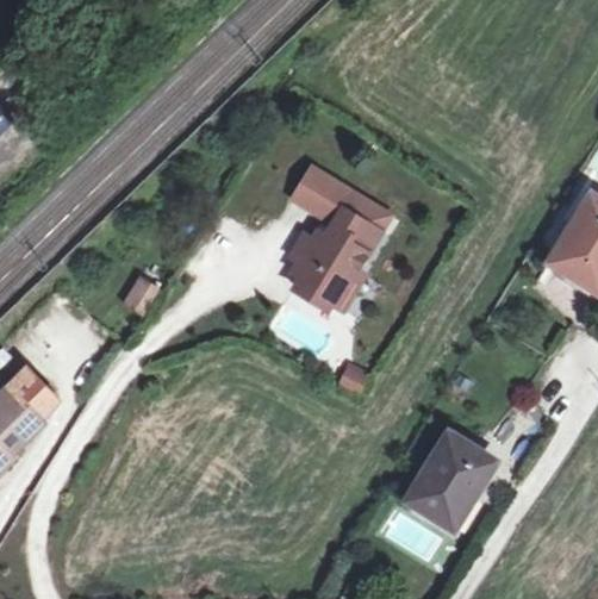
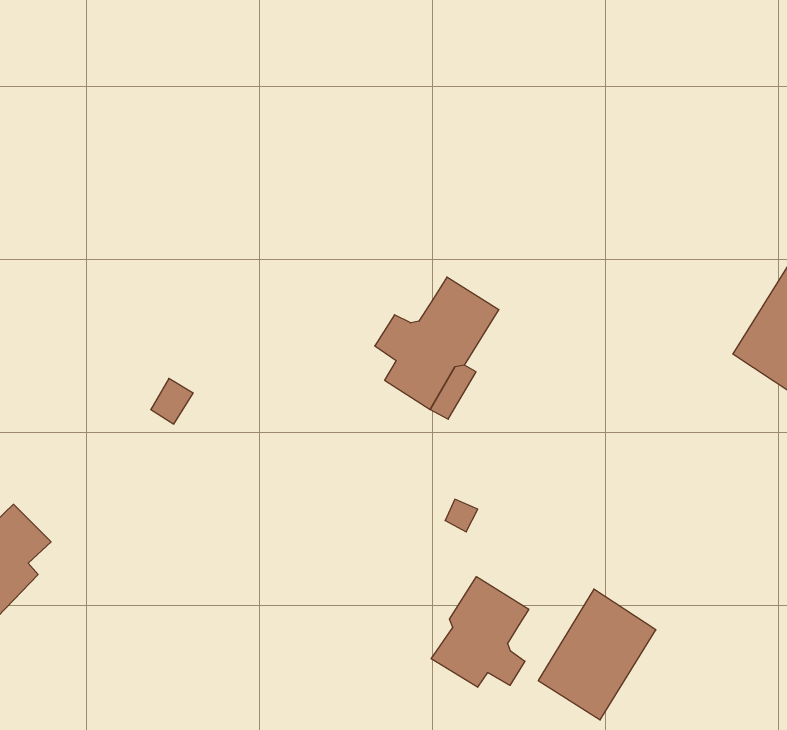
building: [292,167,390,230] -> none
building: none -> [431,577,529,687]

